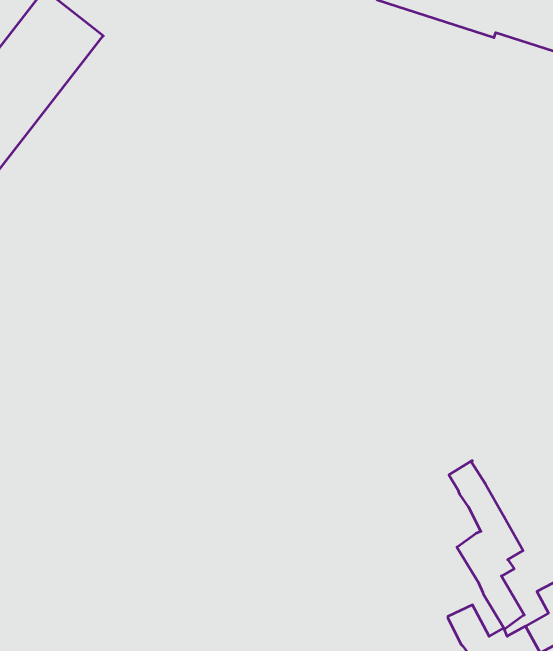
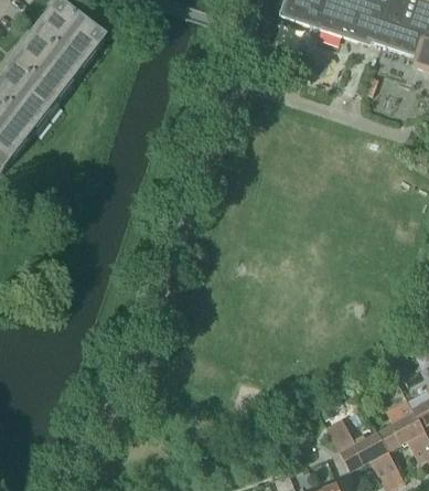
building: [449,461,524,629] -> none

